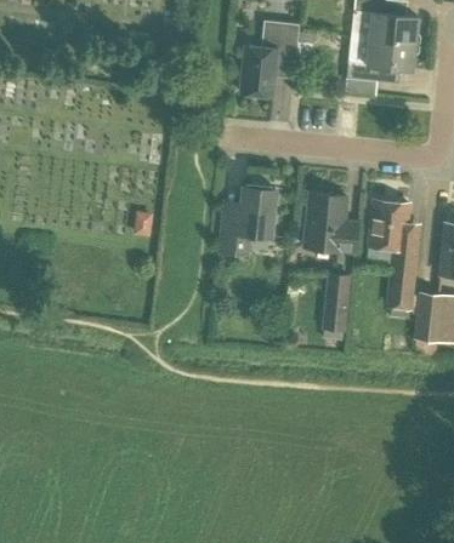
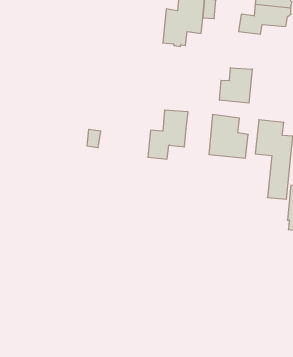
building: none -> [219,68,252,103]
building: [322,273,351,341] -> none

